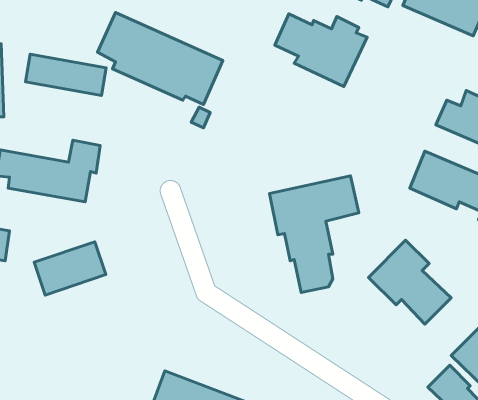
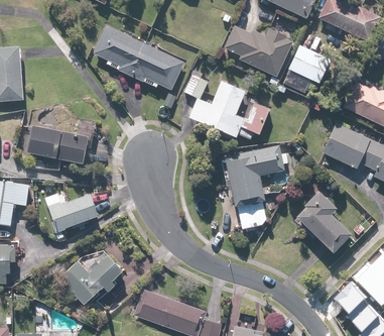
building: none -> [285,45,331,85]
building: [25,54,106,95] -> none
building: none -> [183,75,271,139]
building: none -> [61,251,125,305]

